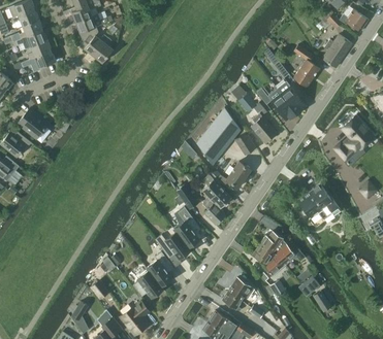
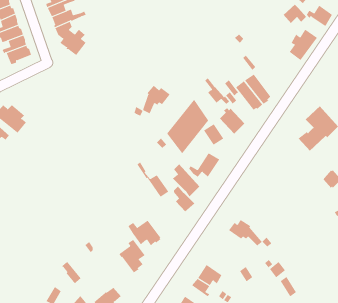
building: [292,45,319,87] -> none
building: none -> [134,85,171,117]
building: [297,184,340,219] -> none
building: [173,216,201,249] -> none
building: [254,243,289,276] -> none
building: [132,271,163,298] -> none

